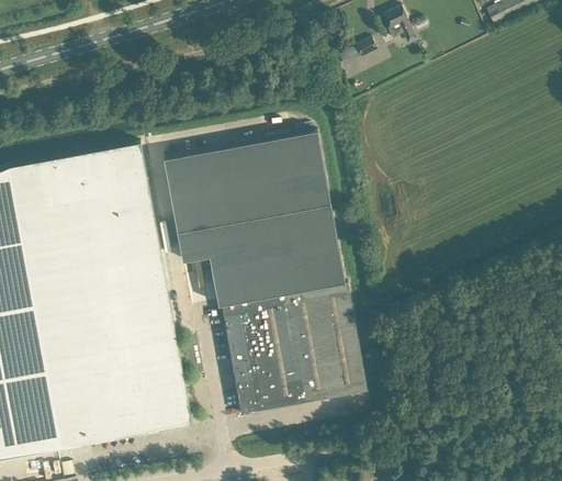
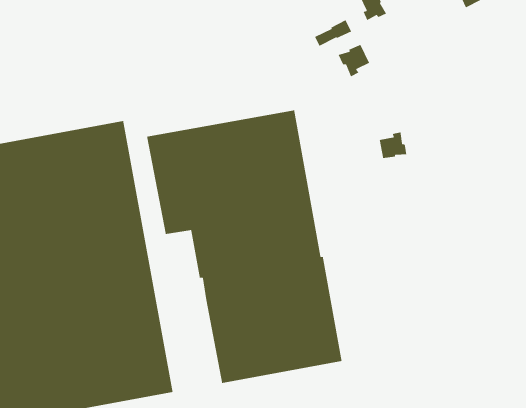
building: none -> [338,44,370,78]
building: none -> [379,131,407,159]

